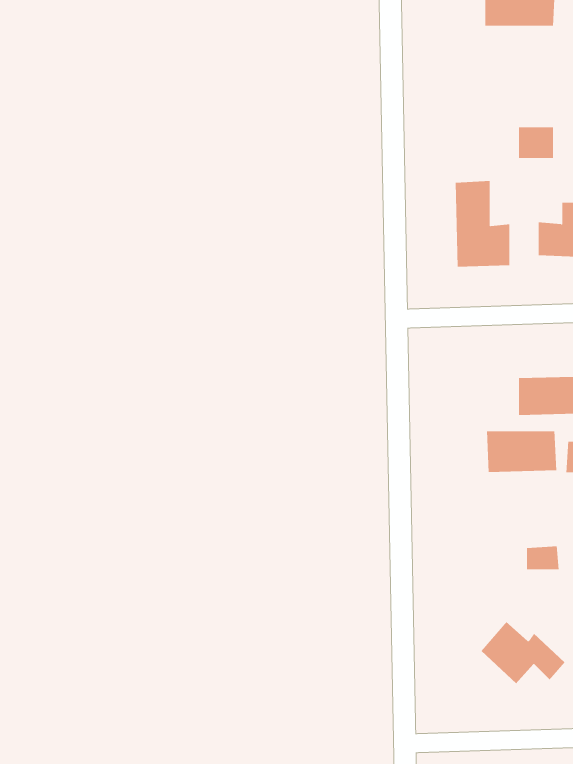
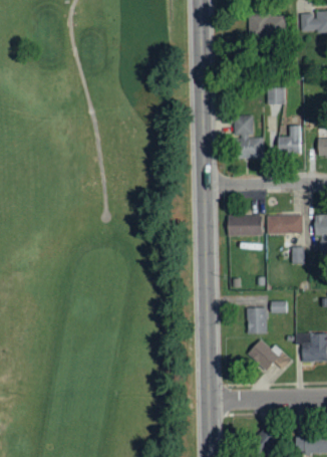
building: [486,431,557,472] -> [227,215,263,236]
building: none -> [247,307,267,333]

